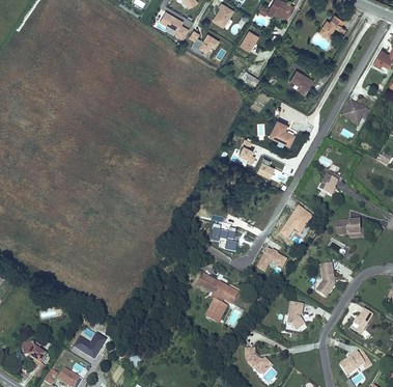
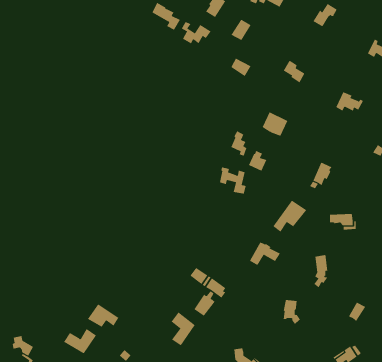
building: [212,225,238,252] -> [219,167,247,194]
building: none -> [87,304,119,328]
building: none -> [171,311,196,346]

